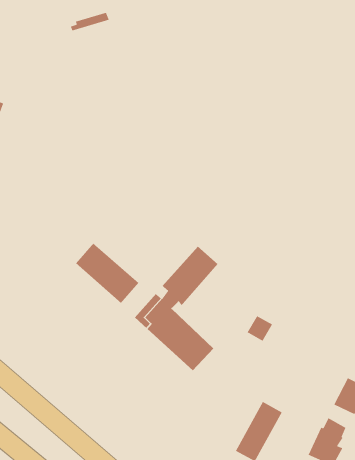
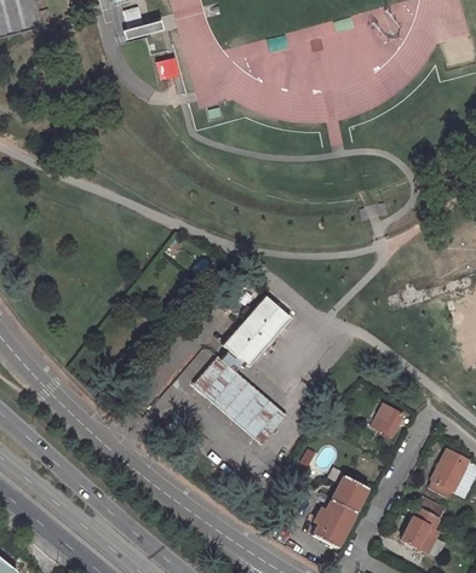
building: [75,243,139,304] -> none
building: [247,315,273,342] -> [369,403,401,435]

